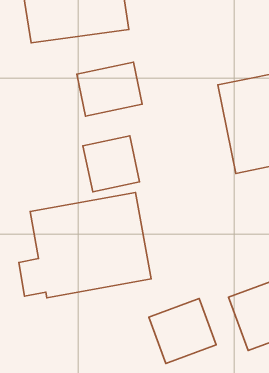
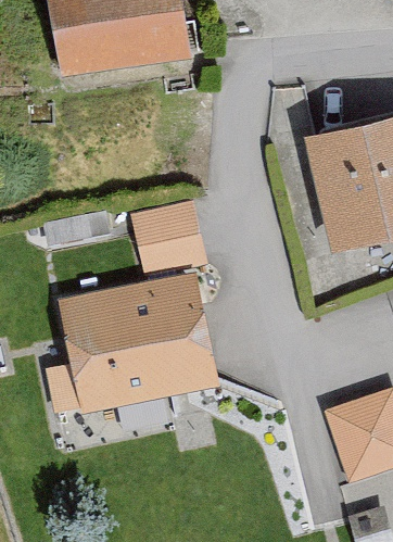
building: [77,62,142,116] -> none
building: [149,299,216,363] -> none

